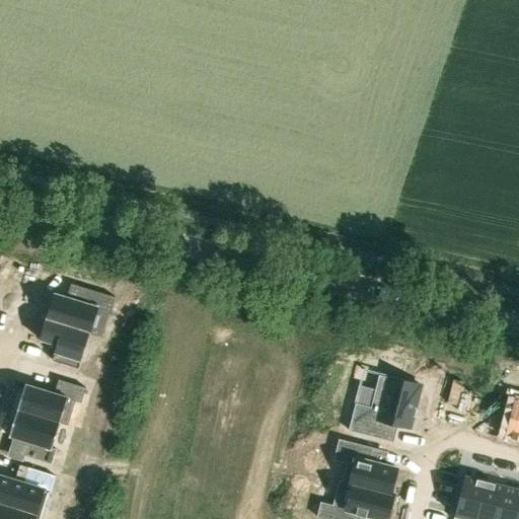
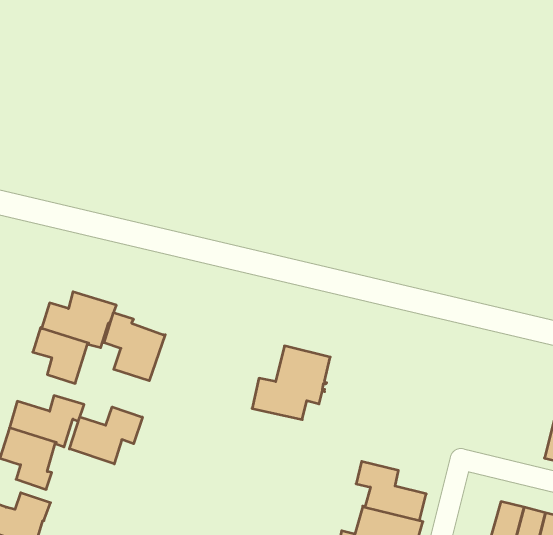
building: none -> [104,313,165,381]
building: [349,375,420,442] -> [252,346,330,420]
building: none -> [69,407,142,464]

